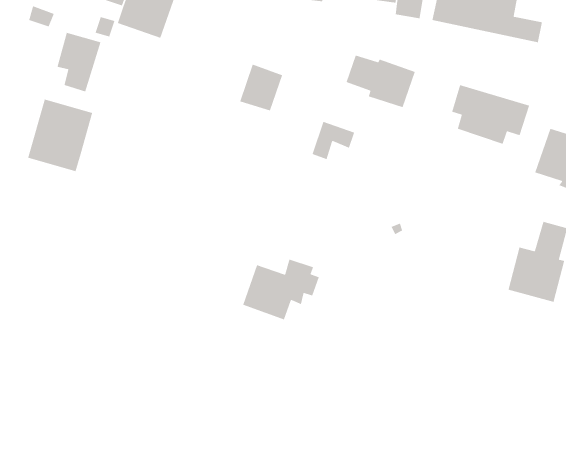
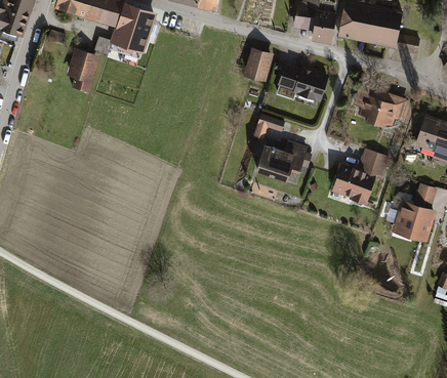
building: [239,64,283,112] -> [241,45,273,80]
building: [27,99,93,172] -> none
building: none -> [332,152,390,205]
building: [242,258,320,321] -> [253,138,310,183]

